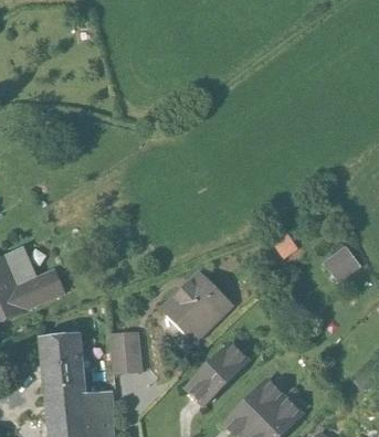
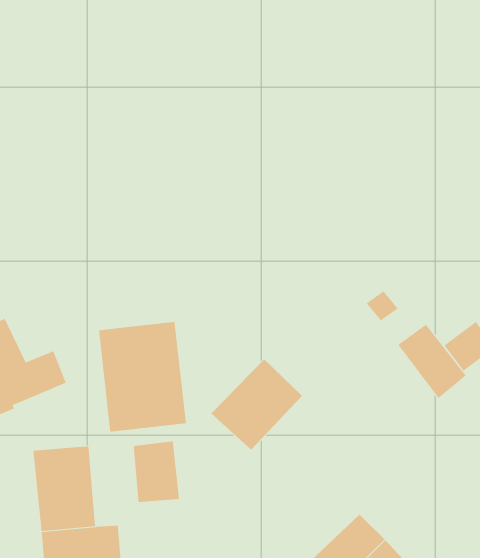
building: none -> [98,321,186,432]
building: none -> [398,324,466,399]
building: [186,344,248,405] -> none

